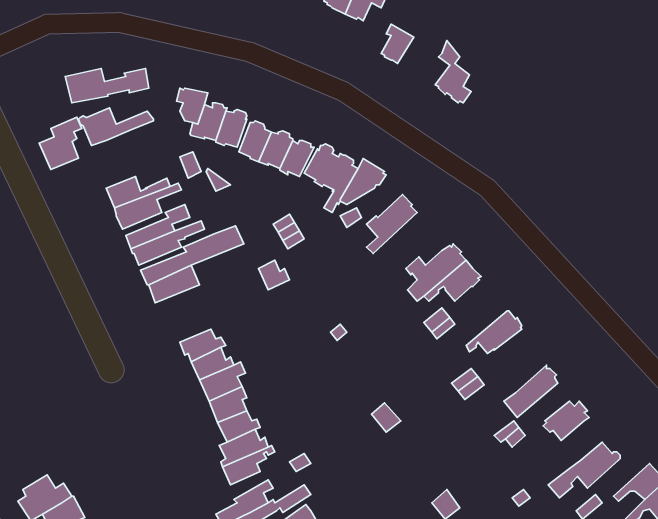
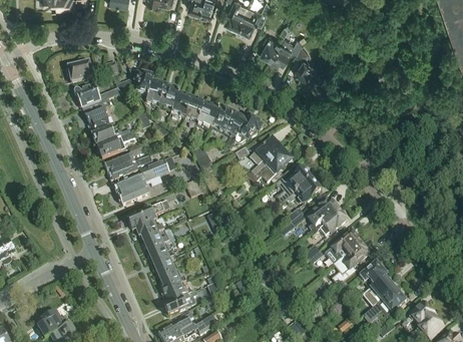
building: none -> [271,38,303,64]
building: [39,117,82,170] -> [85,99,111,131]
building: none -> [248,150,293,185]
building: none -> [308,200,338,232]
building: none -> [129,202,171,232]
building: none -> [327,234,362,266]
building: none -> [365,278,396,307]

